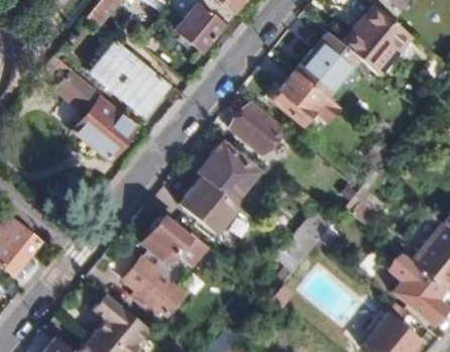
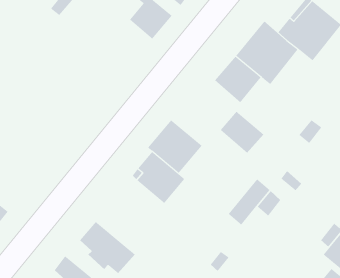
building: [93,43,170,117] -> none
building: [55,71,138,164] -> none
building: [232,104,282,151] -> [220,111,264,154]
building: [139,217,205,280] -> none

